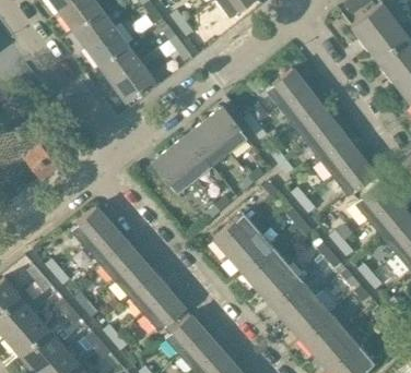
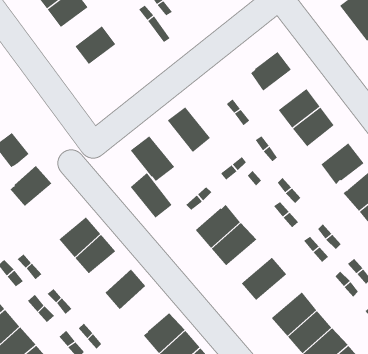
building: [87,27,127,64] -> none
building: [114,62,153,100] -> none
building: [279,86,320,124] -> none
building: [206,107,247,151] -> none
building: [172,134,212,178] -> [130,172,173,219]
building: [320,139,360,176] -> none
building: [71,207,111,246] -> [9,165,52,207]
building: [244,246,287,288] -> none
building: [114,257,154,297] -> none
building: [272,279,316,321] -> none
building: [143,290,185,330] -> none

